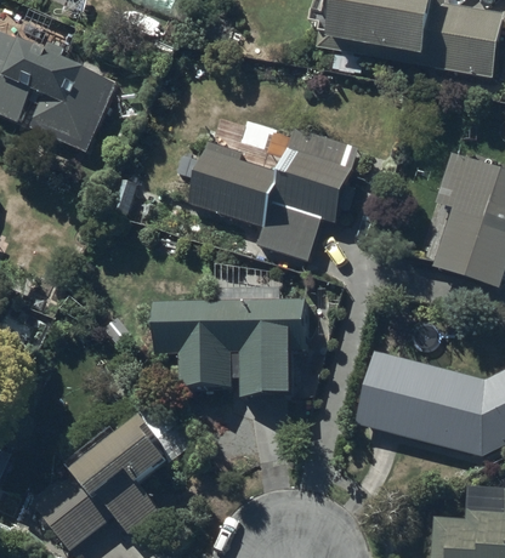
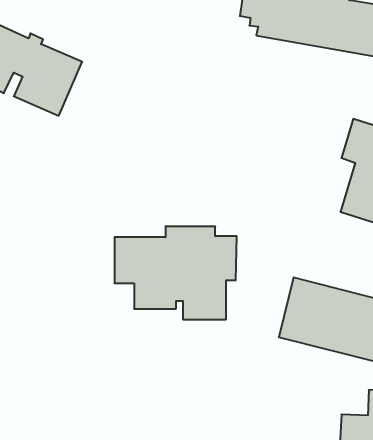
building: [186,130,358,263] -> none
building: [35,420,168,543] -> none

